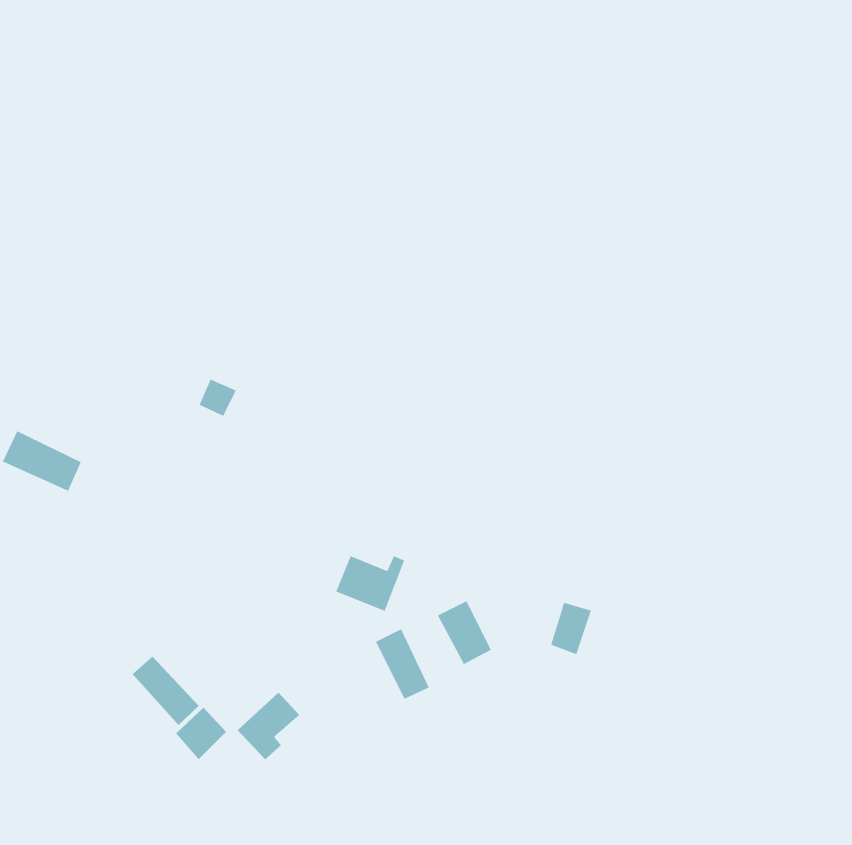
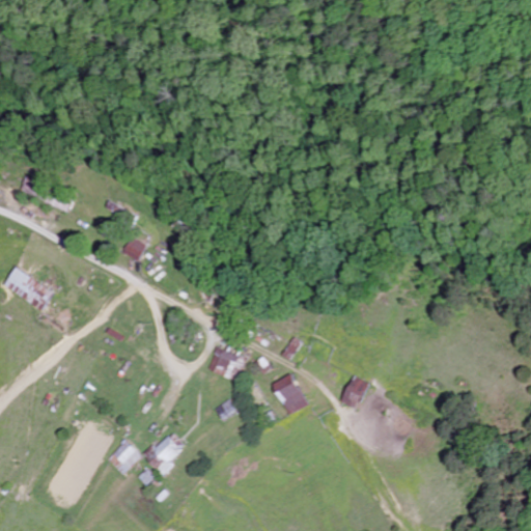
building: [375,628,430,700] -> none
building: [132,656,200,726] -> none

